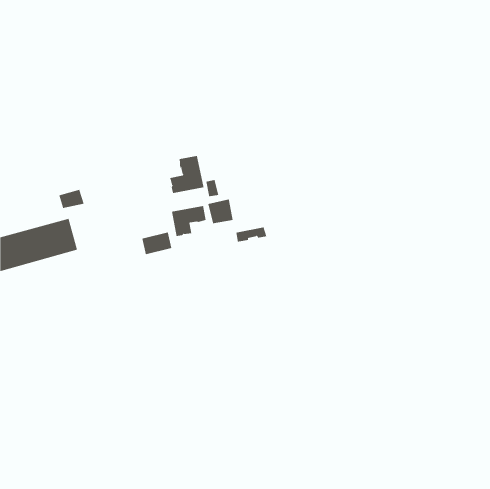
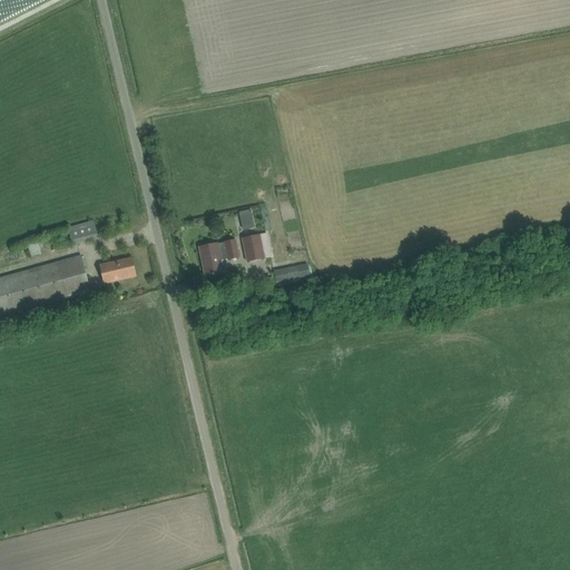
building: [169,155,204,194] -> none
building: [141,232,172,255] -> [99,256,135,283]

